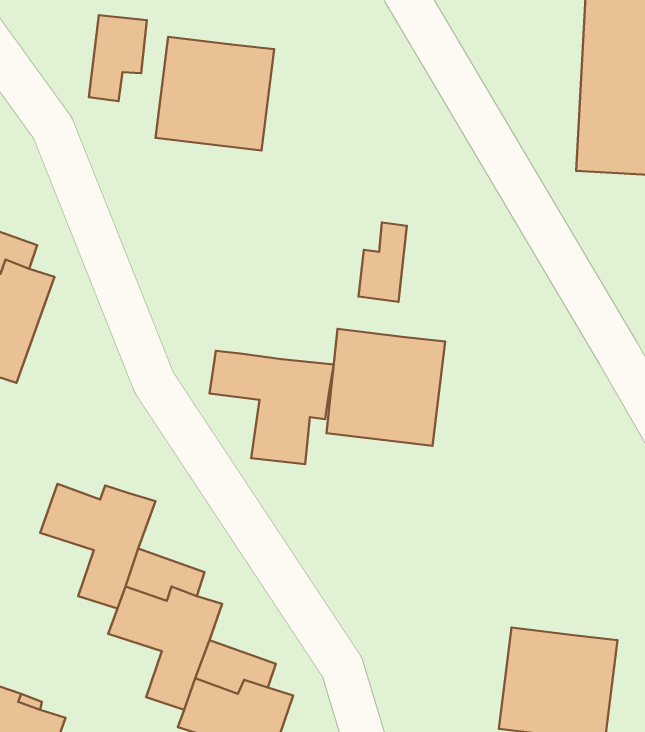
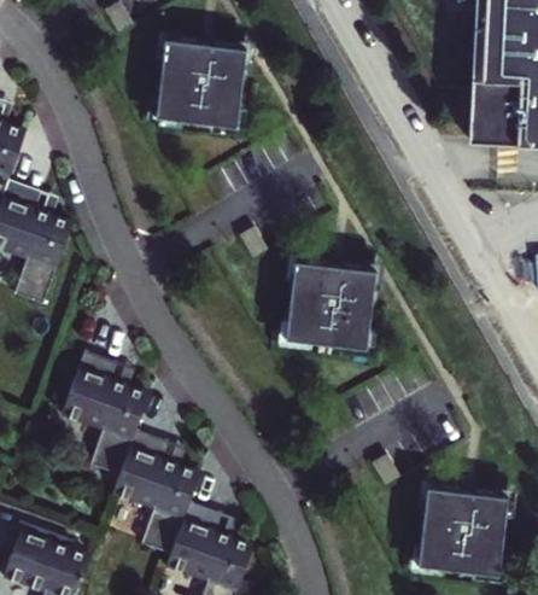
building: [89,15,147,101] -> none
building: [358,223,407,302] -> none
building: [209,351,334,464] -> none
building: none -> [76,351,136,392]

